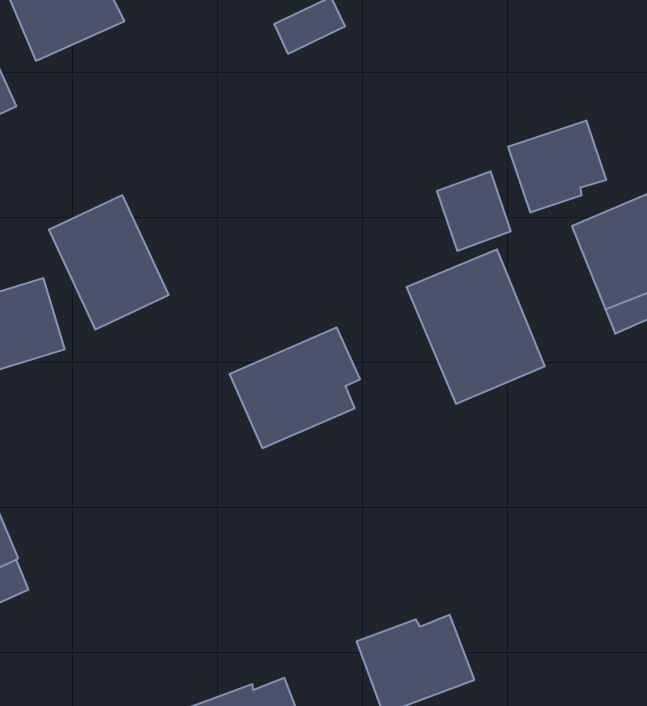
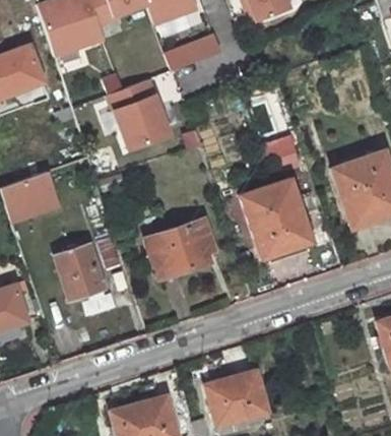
building: [508,120,606,213] -> none
building: [49,195,169,329] -> [109,80,170,150]
building: none -> [54,245,107,304]

